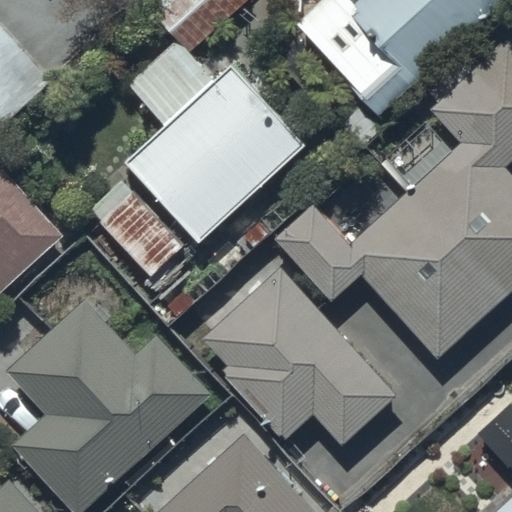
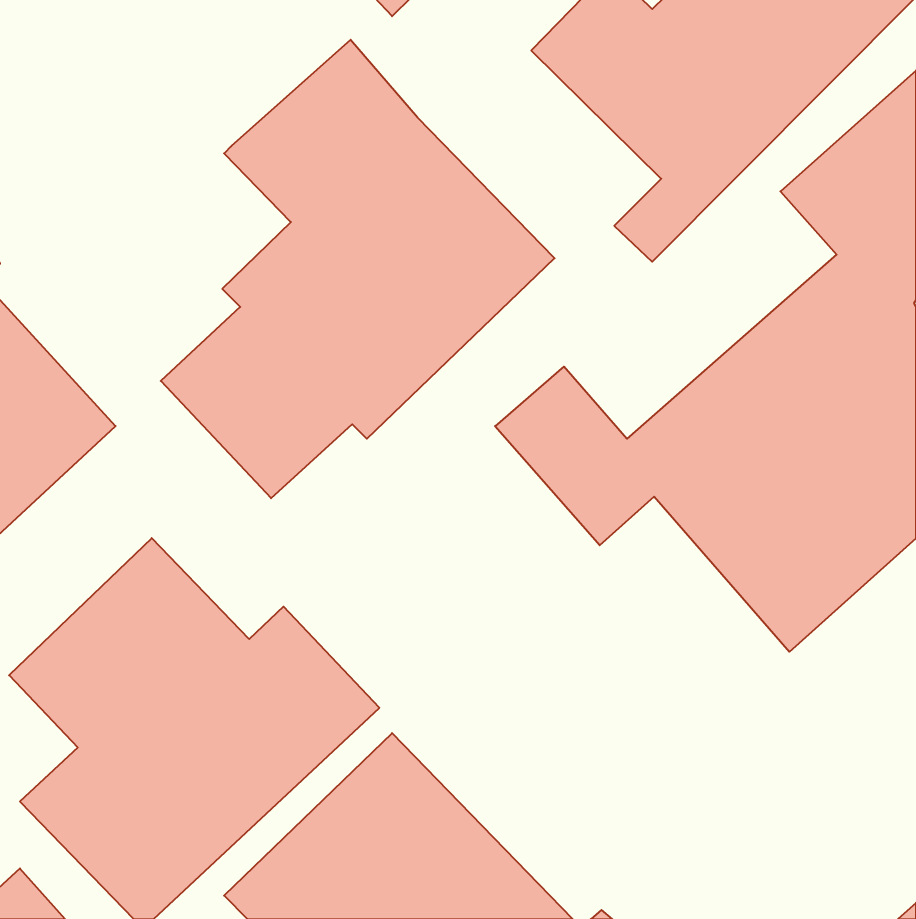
building: [204,267,399,447] -> none

